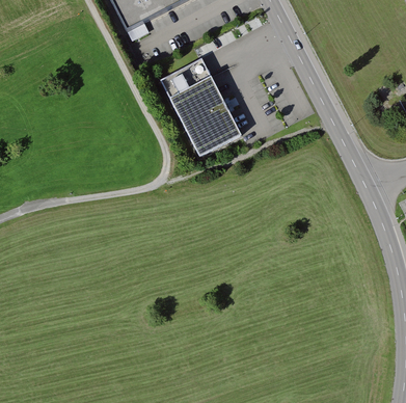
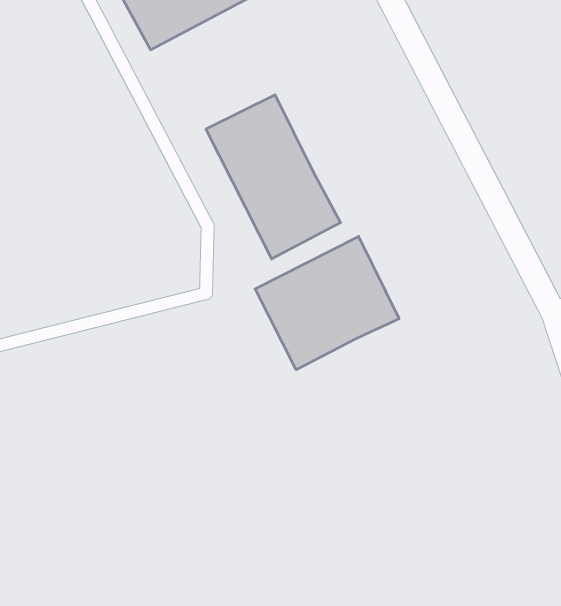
building: none -> [255,236,399,370]

